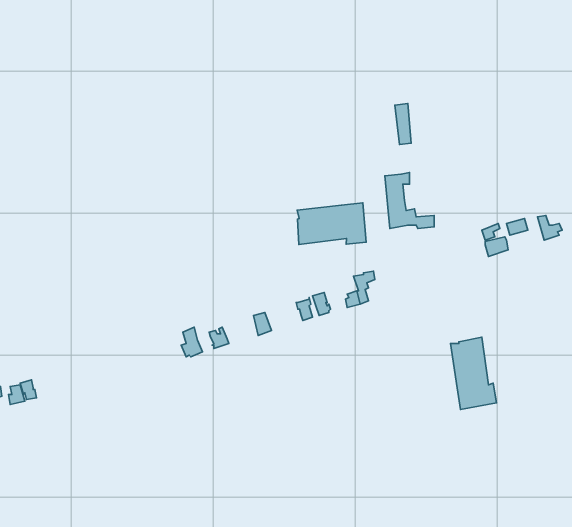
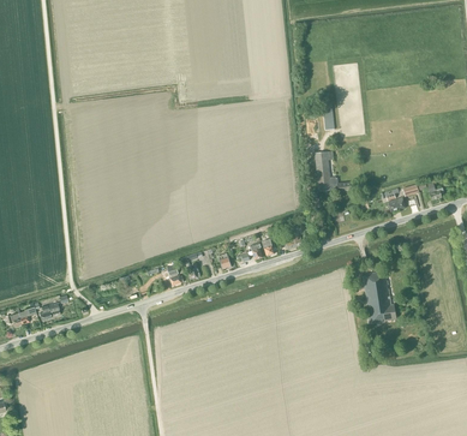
building: [297,203,366,244] -> none

